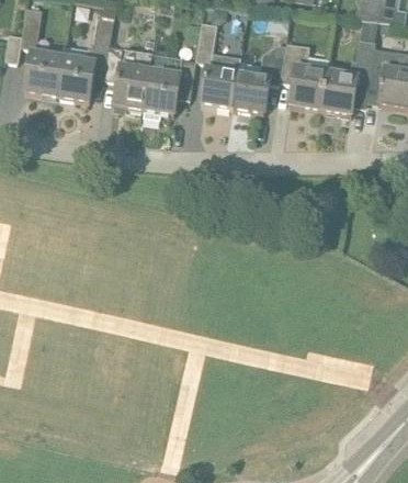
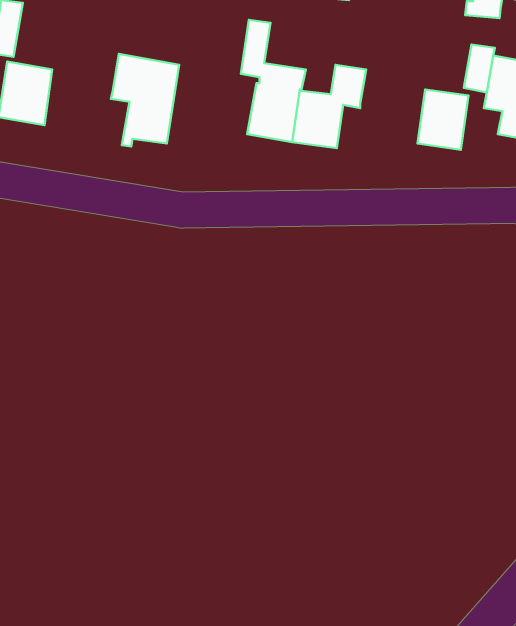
building: [57,16,114,100] -> none
building: [281,42,327,109] -> none
building: [144,53,196,117] -> none

